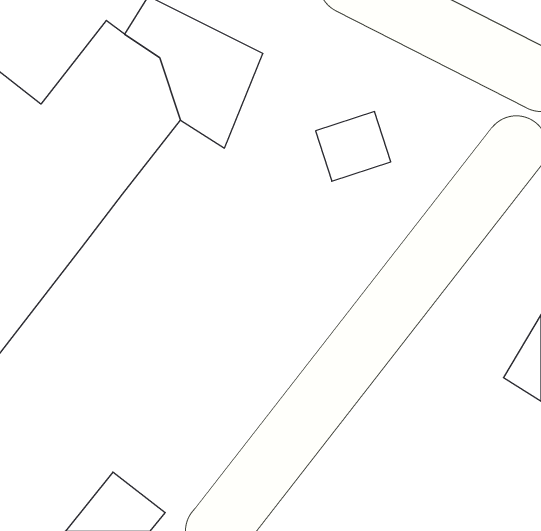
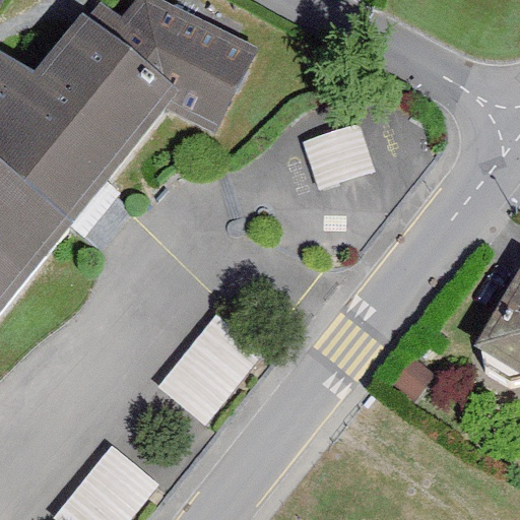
building: none -> [152,316,259,428]

